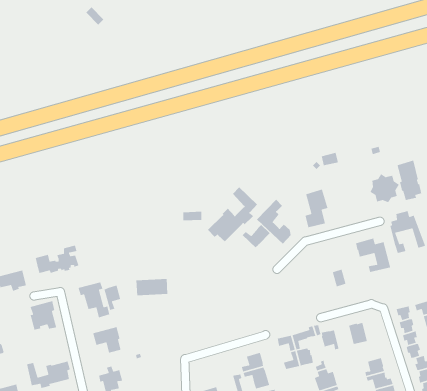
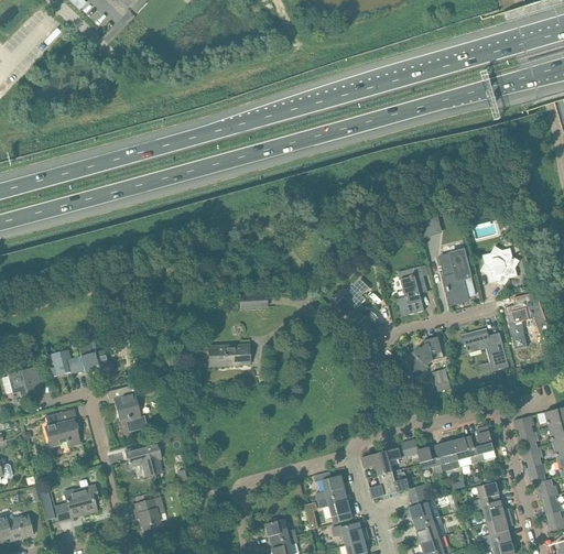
building: [397,160,422,201] -> [441,250,474,303]
building: [207,187,258,242] -> none
building: [242,224,270,248] -> none
building: none -> [404,337,443,378]
building: [136,278,168,296] -> [207,344,249,367]
building: [103,285,121,311] -> none
building: none -> [471,426,495,461]
building: none -> [435,441,459,471]

